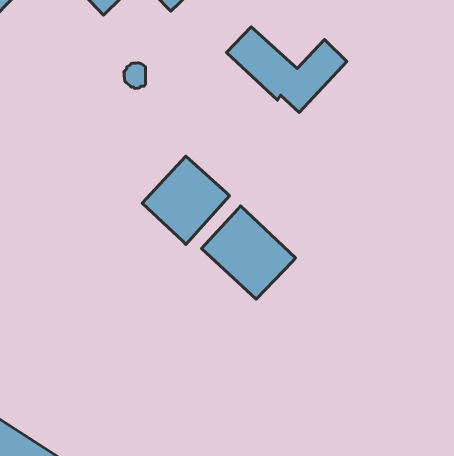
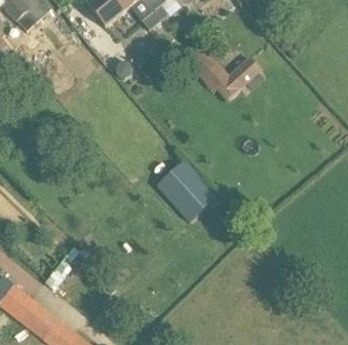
building: [142,156,230,244] -> none

